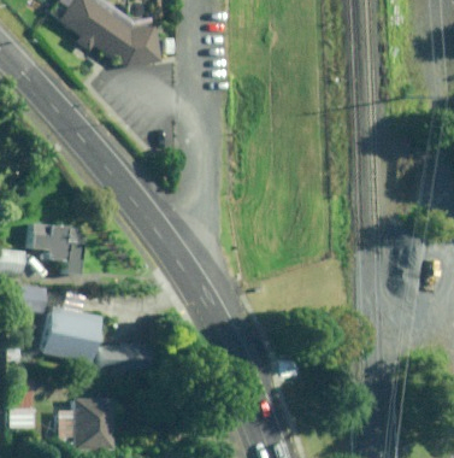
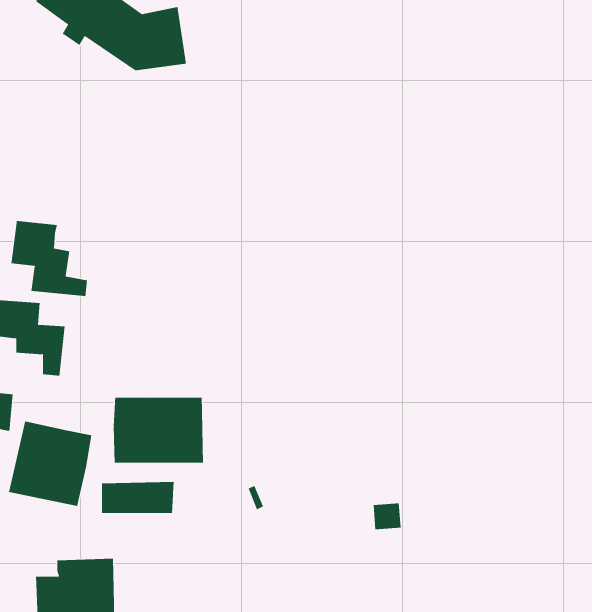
building: none -> [11,220,87,297]
building: none -> [113,397,204,463]

